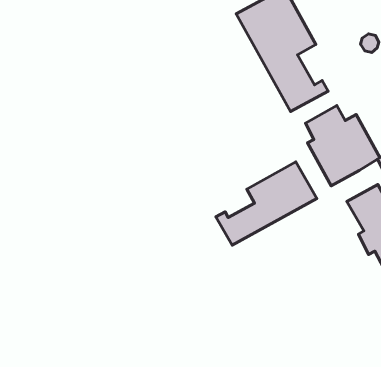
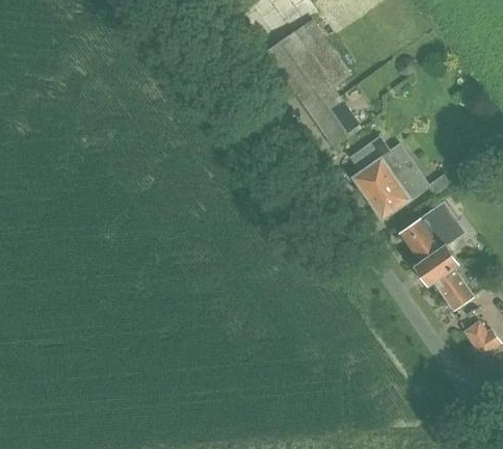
building: [216,162,317,245] -> none

